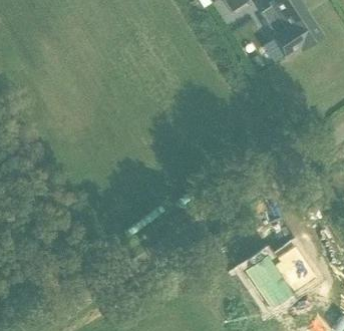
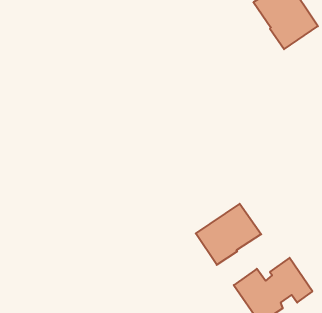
building: none -> [196,204,261,265]

